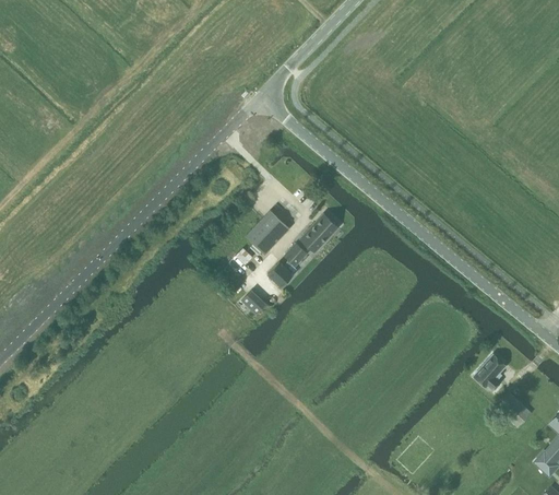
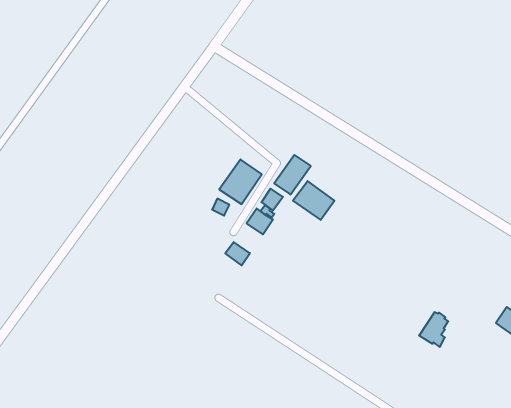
building: none -> [293,181,334,220]
building: [474,354,504,389] -> [419,312,448,347]

